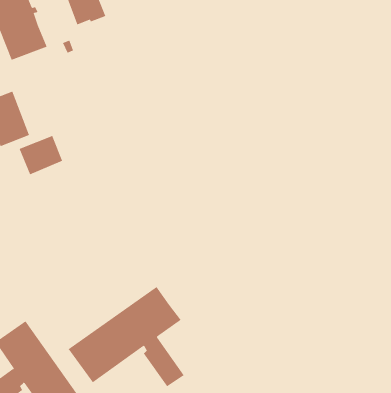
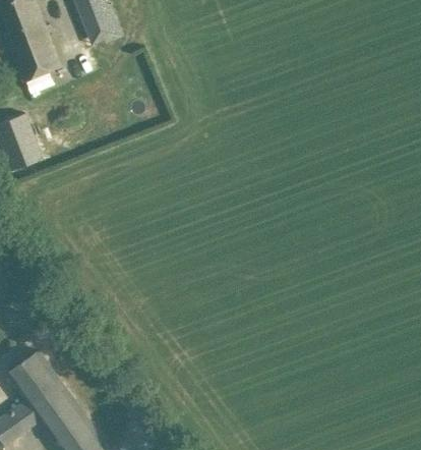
building: [19,135,63,175] -> none
building: [68,286,185,387] -> none

